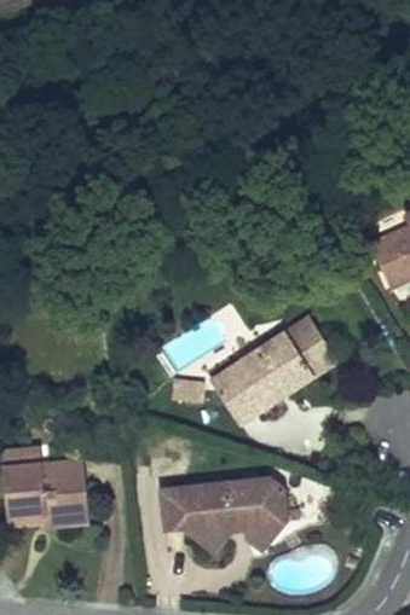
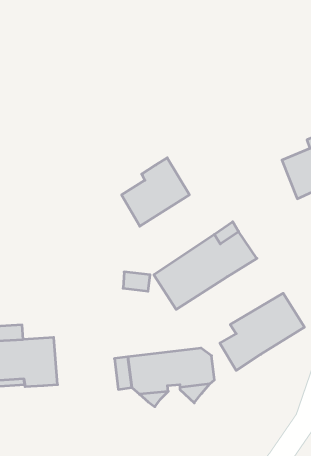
building: none -> [122,158,189,226]
building: none -> [220,293,304,370]

